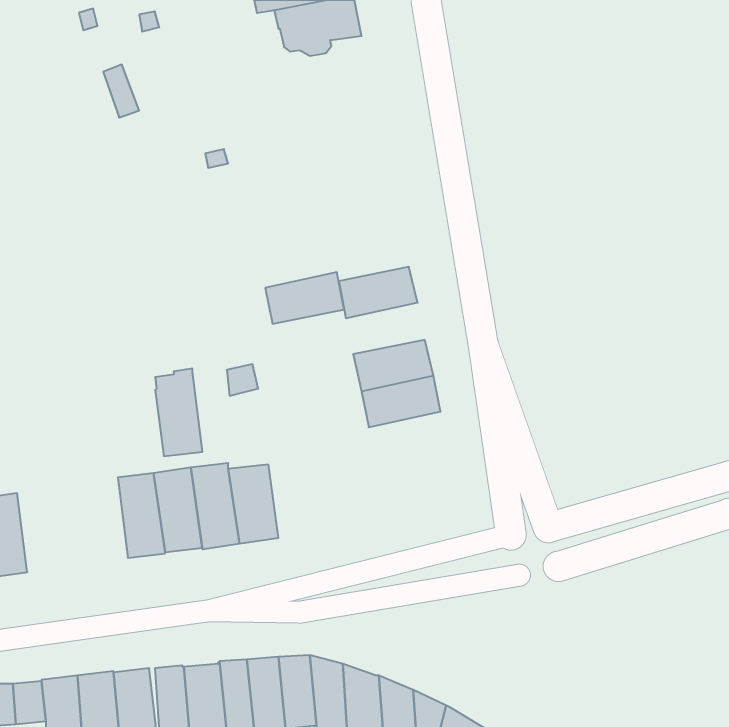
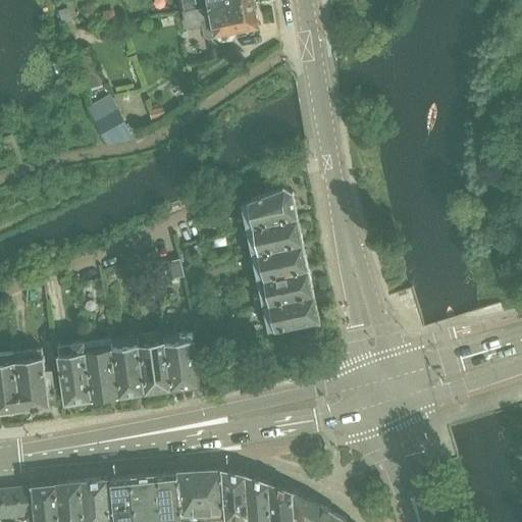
building: none -> [87,98,133,147]
building: [265,272,344,324] -> [246,219,302,256]
building: [155,369,202,456] -> [57,342,91,404]
building: none -> [262,297,318,332]
building: none -> [12,352,53,411]

